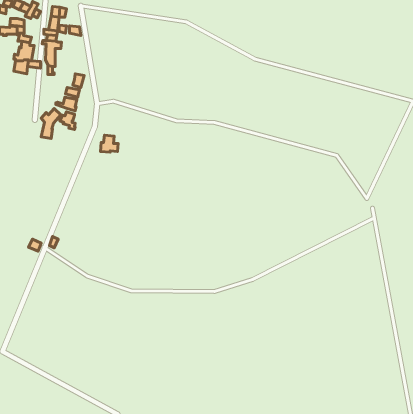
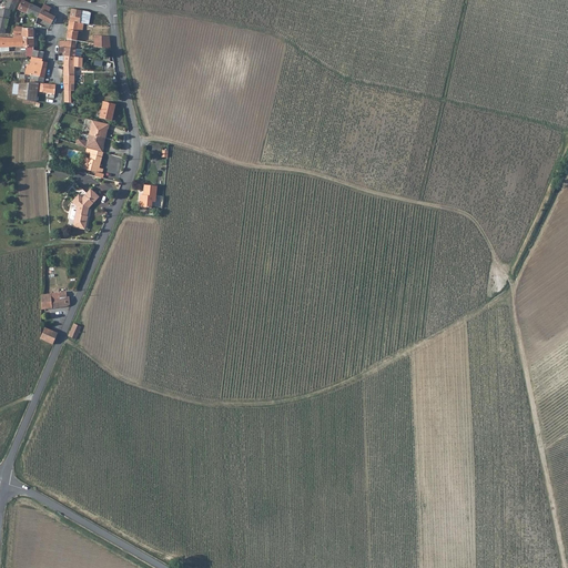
building: [41,108,61,138] -> [71,189,98,230]
building: none -> [40,287,69,310]

